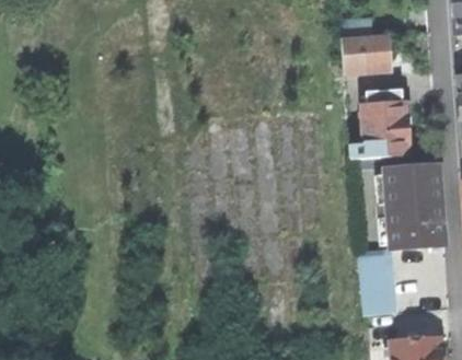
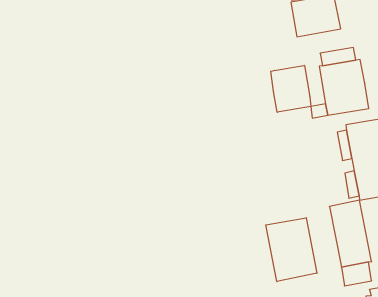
building: none -> [271,65,311,112]
building: none -> [266,218,317,282]

